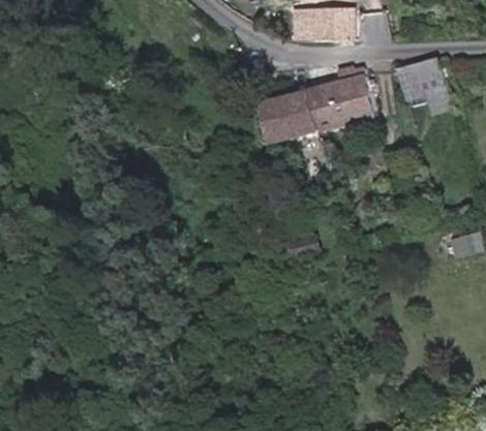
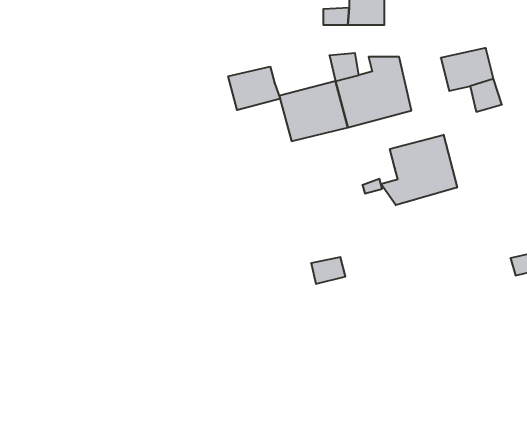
building: none -> [228,67,280,110]
building: none -> [381,135,457,205]

